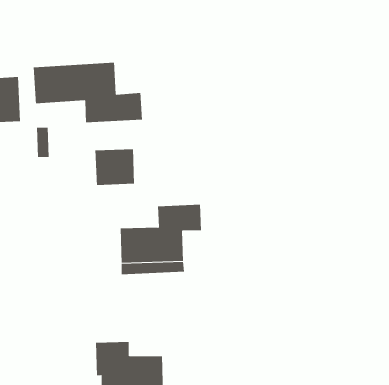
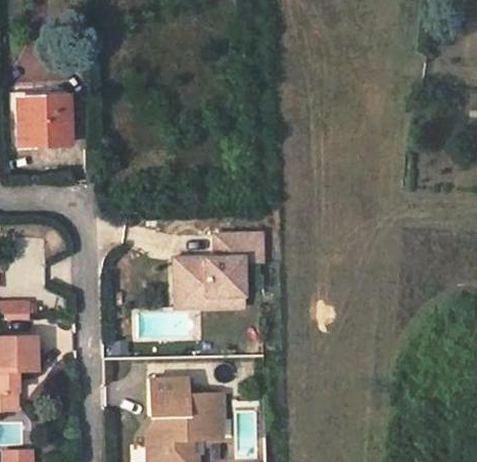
building: [33,62,142,123] -> none
building: [95,149,134,186] -> none

